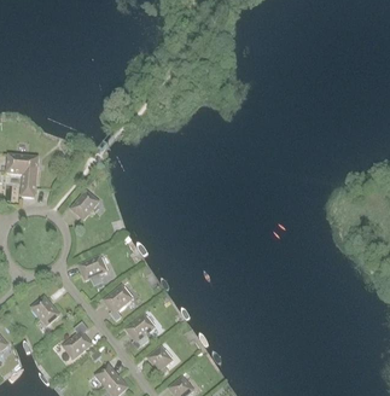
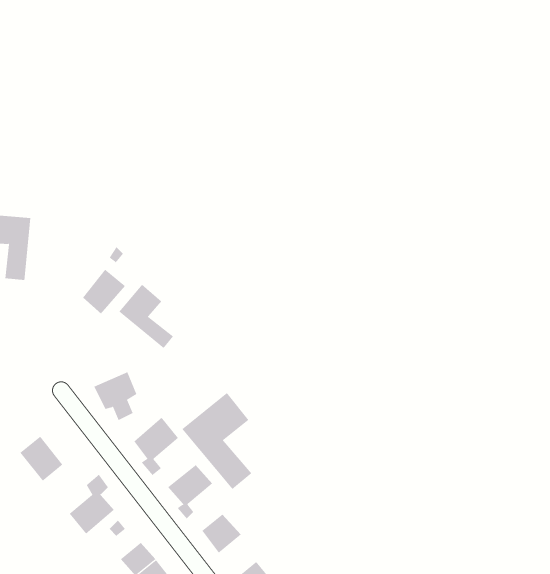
building: none -> [119,284,174,349]
building: none -> [182,392,252,490]

